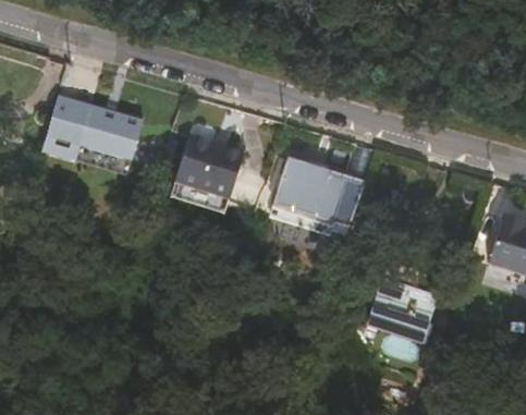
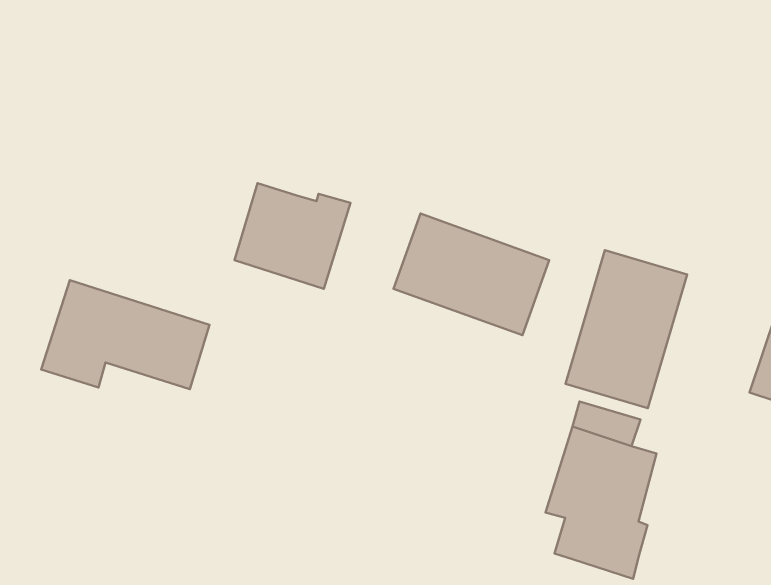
building: [40,96,143,162] -> [41,280,209,389]
building: none -> [565,250,687,408]

